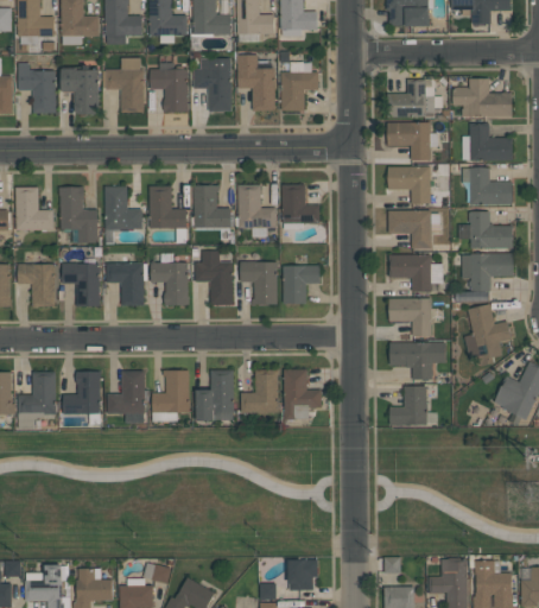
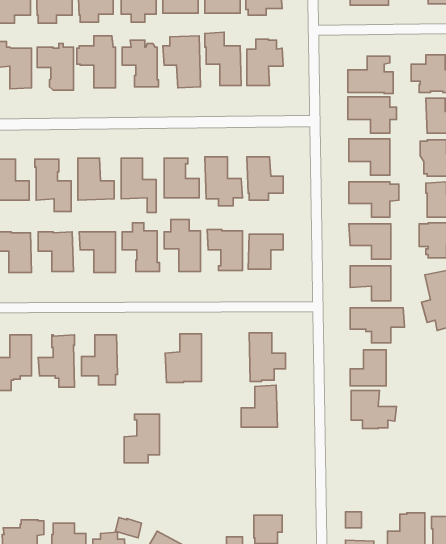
building: [241,369,279,413] -> [241,385,277,427]
building: [153,370,190,422] -> [124,414,159,463]
building: none -> [351,391,396,429]

